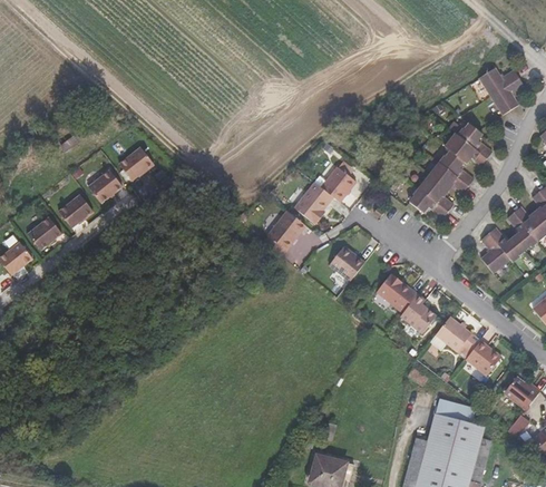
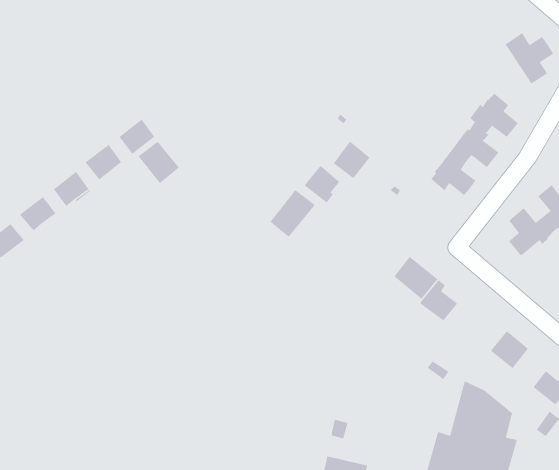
building: none -> [138,141,180,184]
building: [328,245,363,281] -> none
building: [433,315,479,352] -> none

